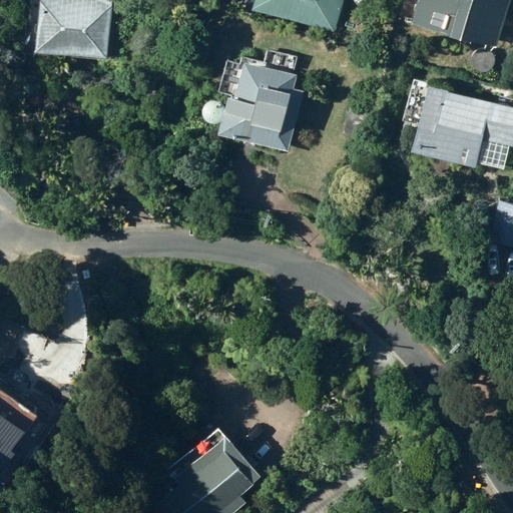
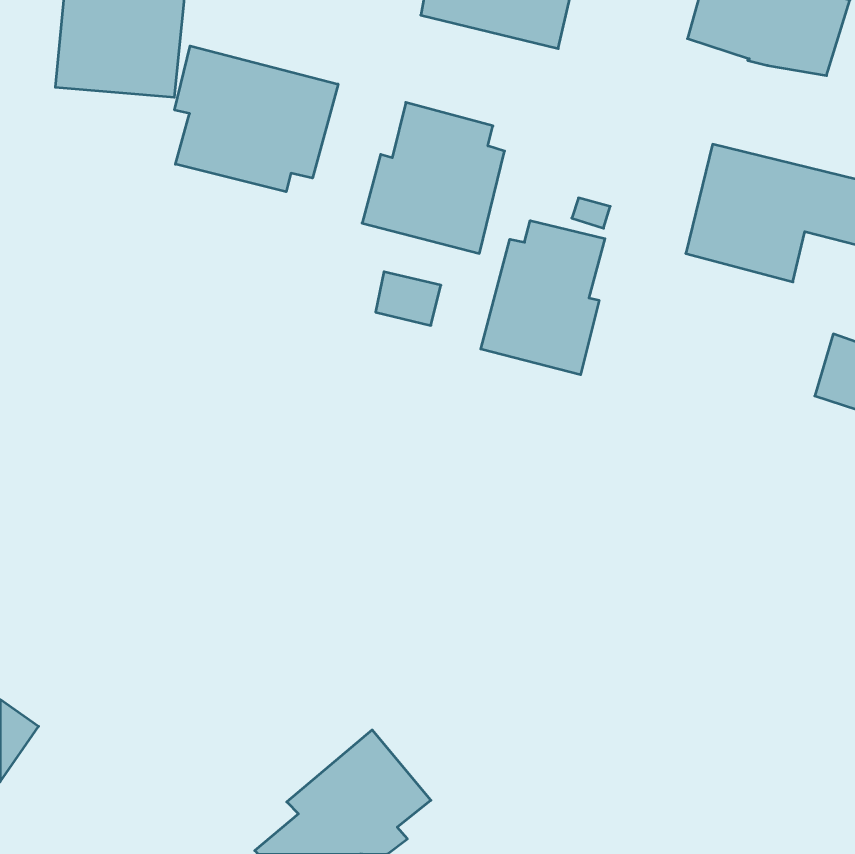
building: none -> [175,46,338,192]
building: none -> [481,221,605,375]

